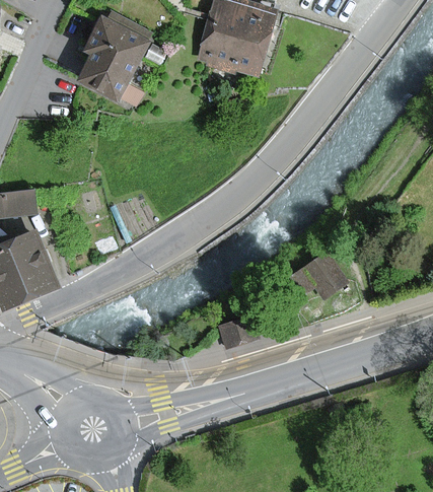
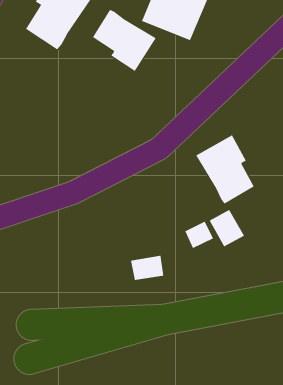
building: none -> [92,9,157,72]
building: none -> [196,135,255,204]

